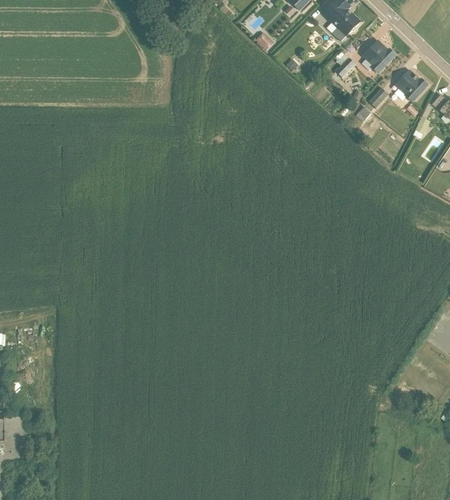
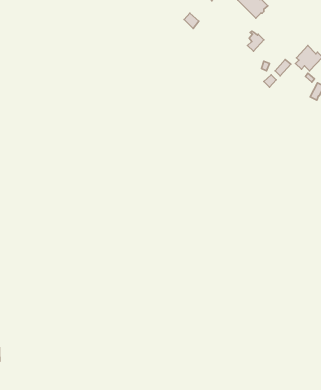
building: [361,39,394,71] -> none

